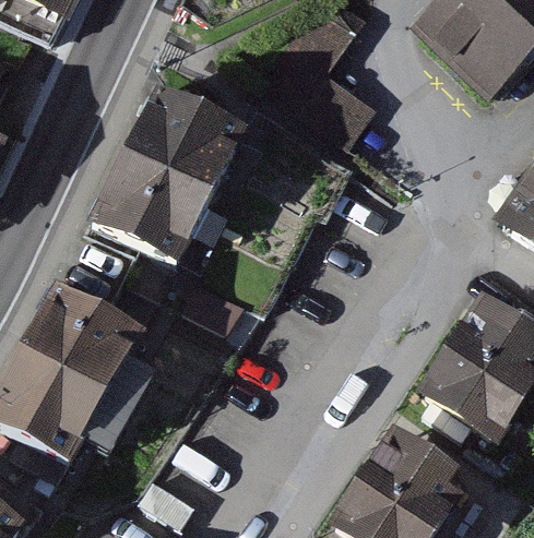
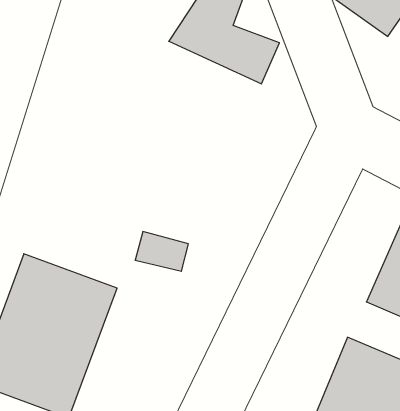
building: [93,89,249,263] -> none

